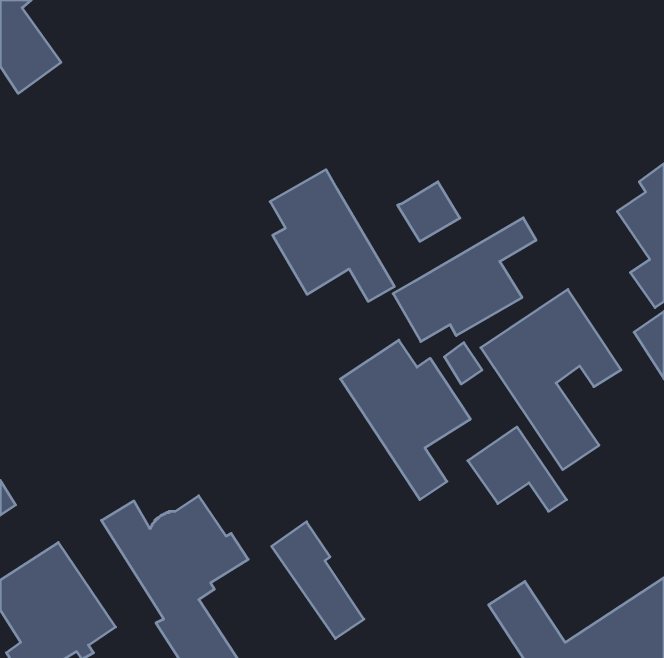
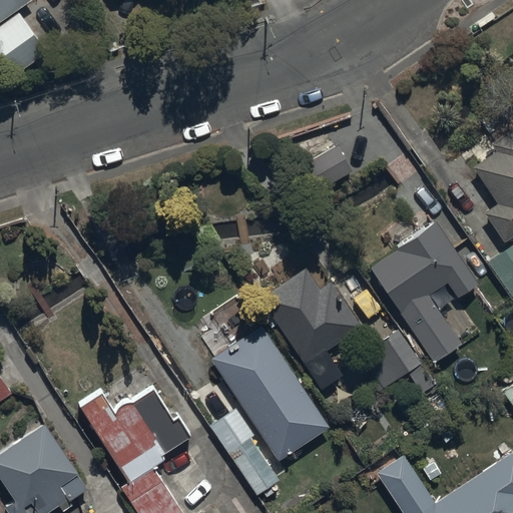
building: [270,170,394,301] -> none
building: [393,218,536,342] -> none
building: none -> [211,327,330,461]

